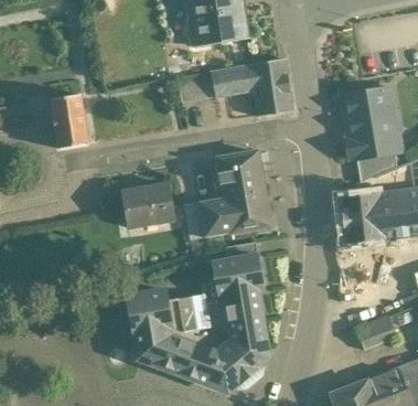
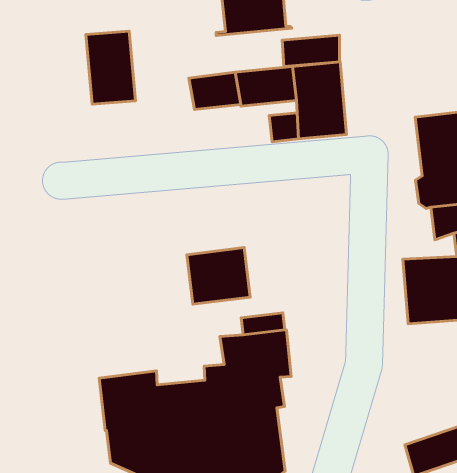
building: none -> [282,35,340,67]
building: [50,94,88,148] -> [86,31,135,104]
building: [217,150,270,232] -> none
building: [121,184,174,226] -> none

